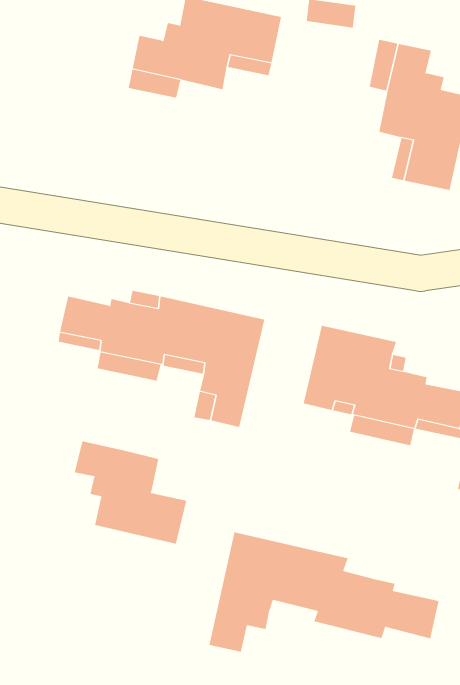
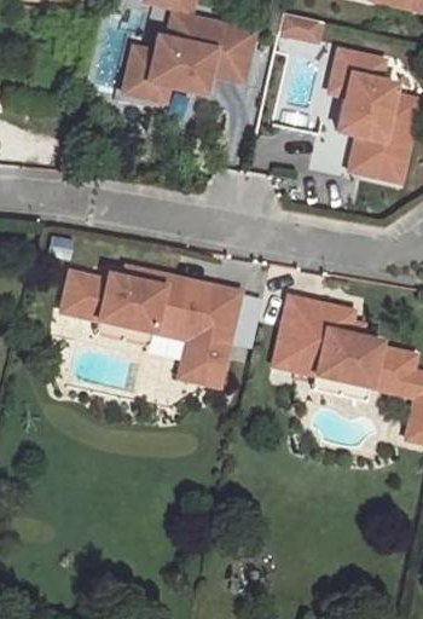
building: [74,441,187,545] -> none
building: [209,532,439,652] -> none

